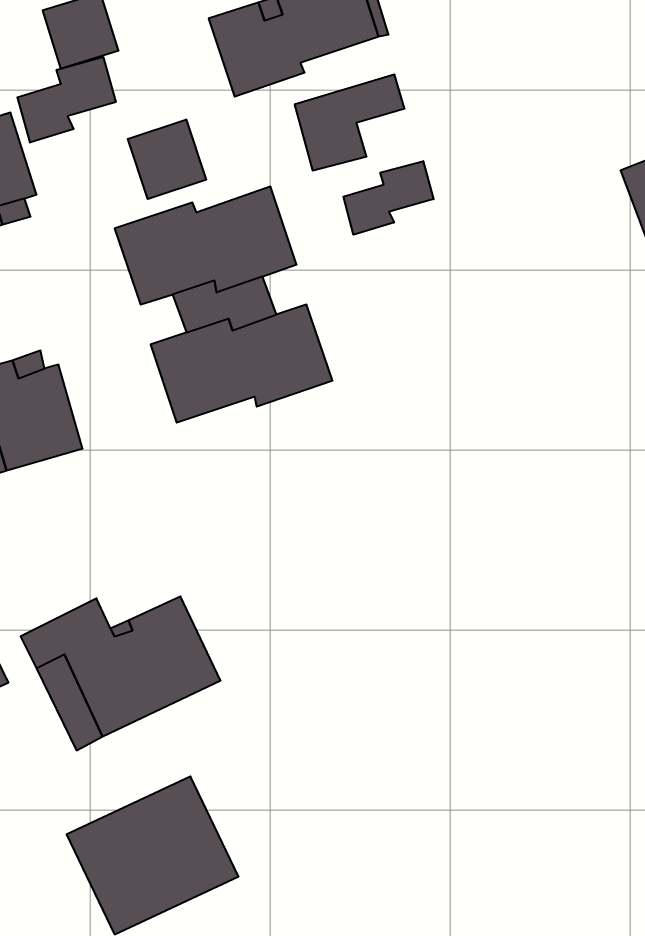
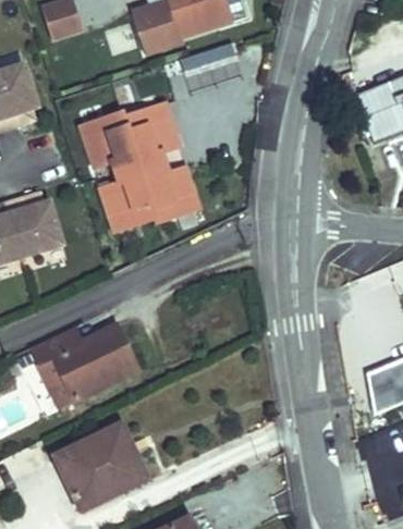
building: [17,57,116,143] -> none
building: [128,119,206,199] -> none
building: [343,161,434,235] -> none

